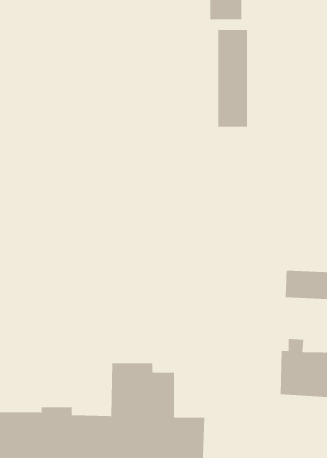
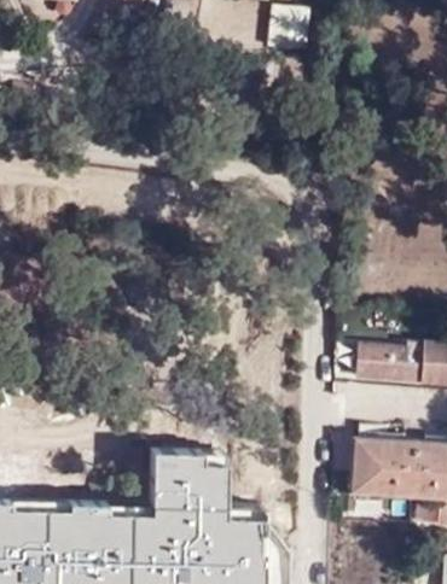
building: [218,29,247,128] -> none

